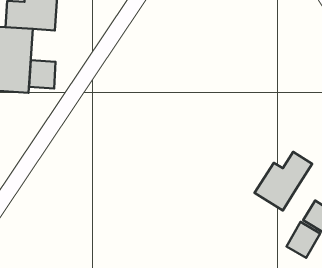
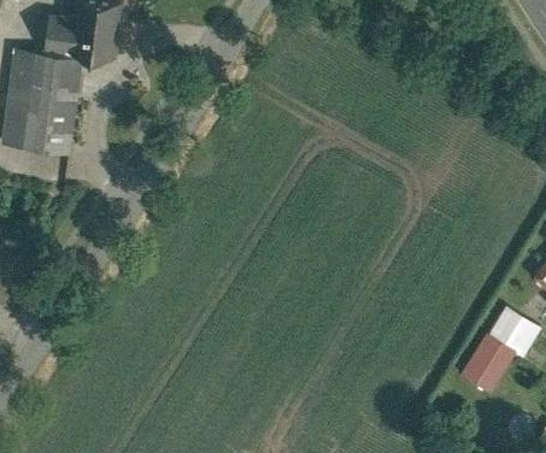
building: [29,60,56,88] -> none
building: [255,152,312,211] -> none

